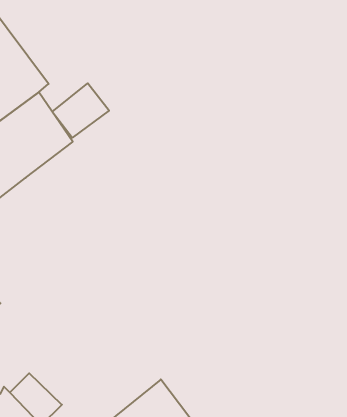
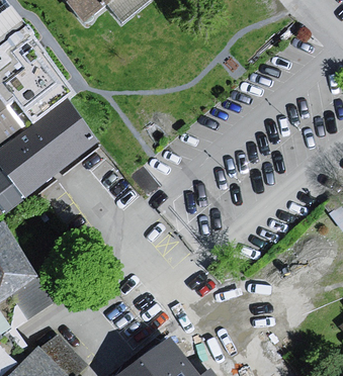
building: [52,83,109,138] -> none

